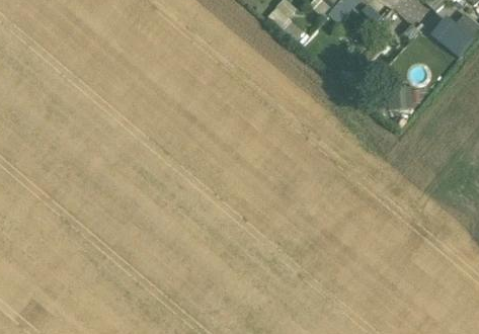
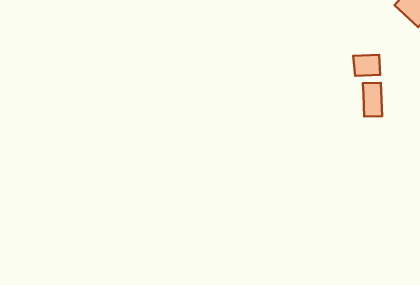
building: none -> [363,83,382,117]

